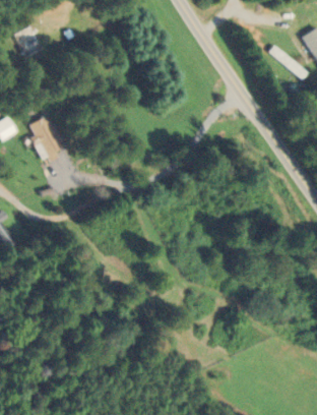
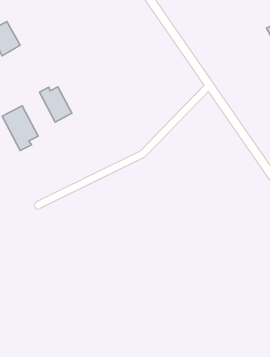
building: none -> [40,87,72,122]

